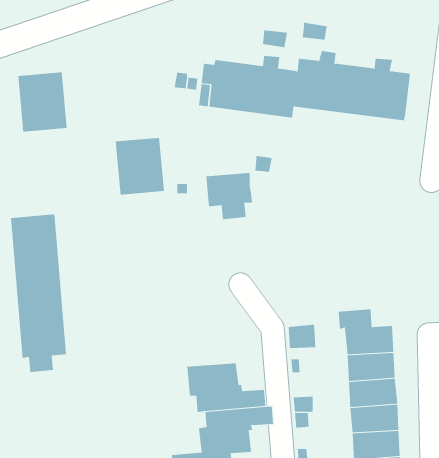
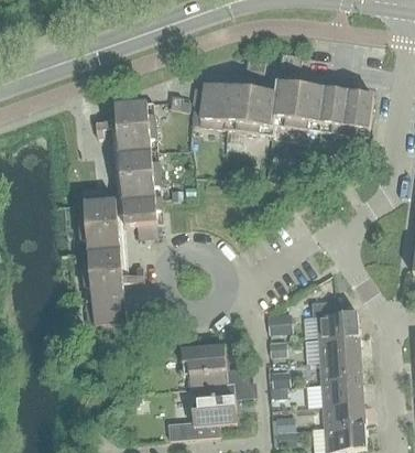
building: [18,72,68,132] -> [113,101,156,153]
building: [206,172,253,220] -> [122,196,163,237]
building: [10,214,67,373] -> [77,199,125,336]

